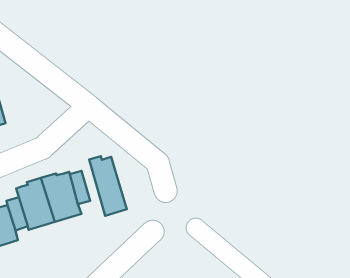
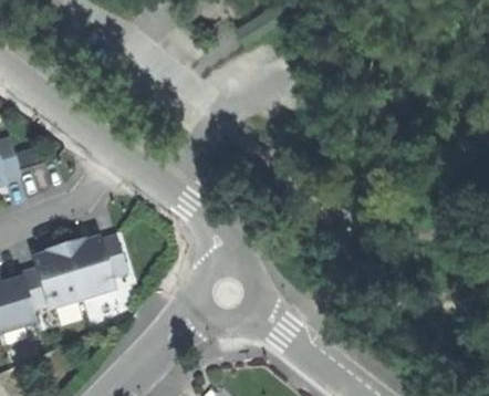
building: [89,156,127,216] -> none

